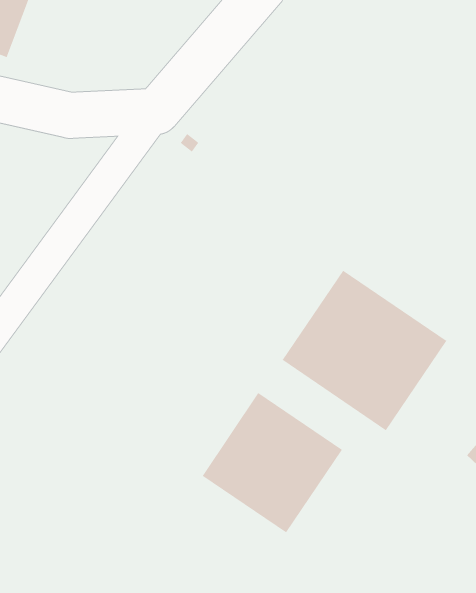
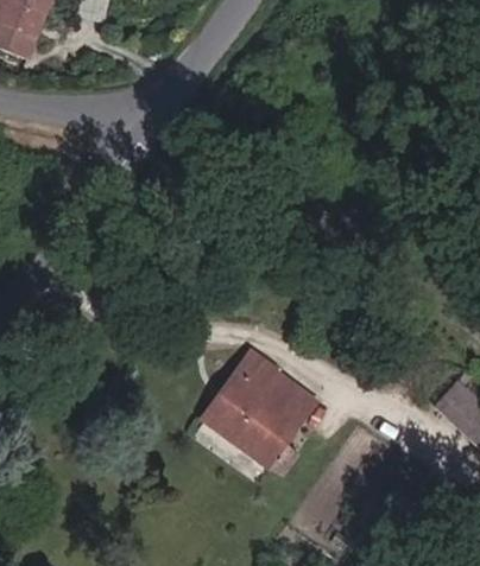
building: [282,270,447,431] -> none

